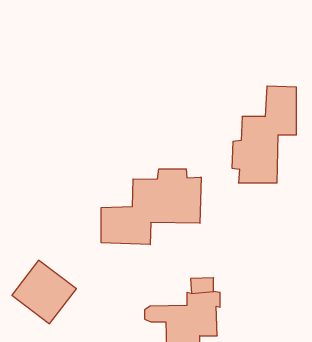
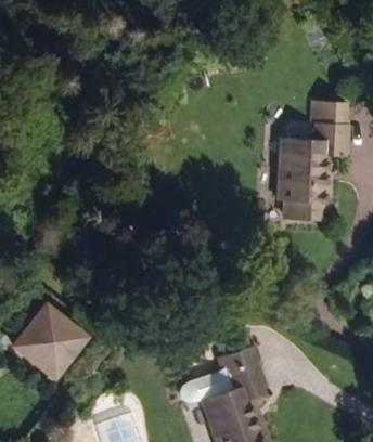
building: [101,169,201,245] -> none

